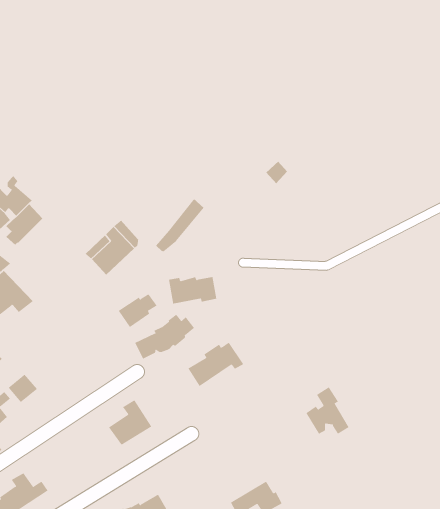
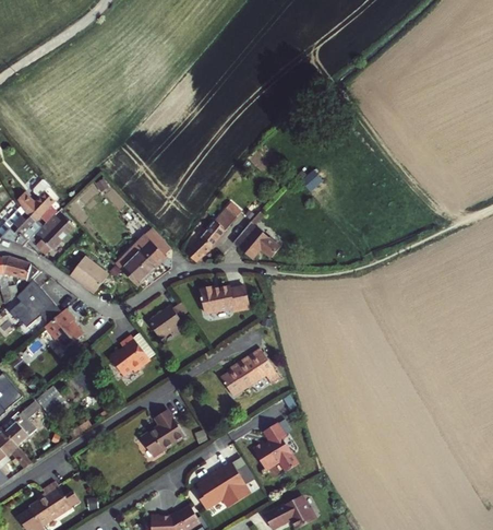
building: none -> [232,215,279,259]
building: none -> [69,252,109,293]
building: none -> [45,307,82,348]
building: [134,314,195,360] -> none
building: none -> [108,335,146,376]
building: [306,386,349,435] -> [252,424,297,473]
building: none -> [196,466,250,513]

